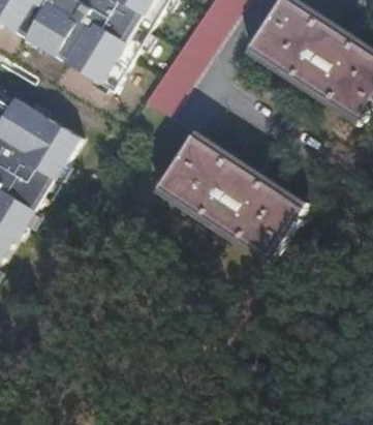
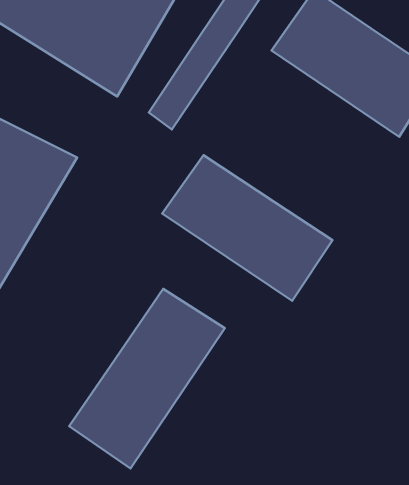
building: none -> [69,289,225,468]

